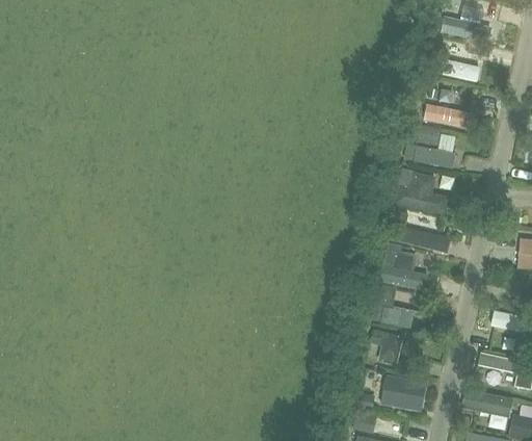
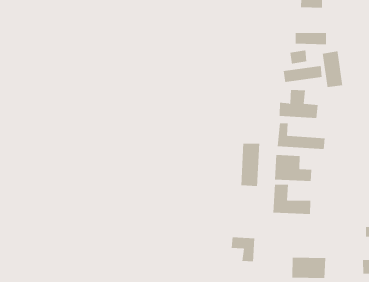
building: none -> [322,50,343,88]
building: none -> [241,143,260,187]
building: [370,330,401,364] -> [231,237,255,262]

